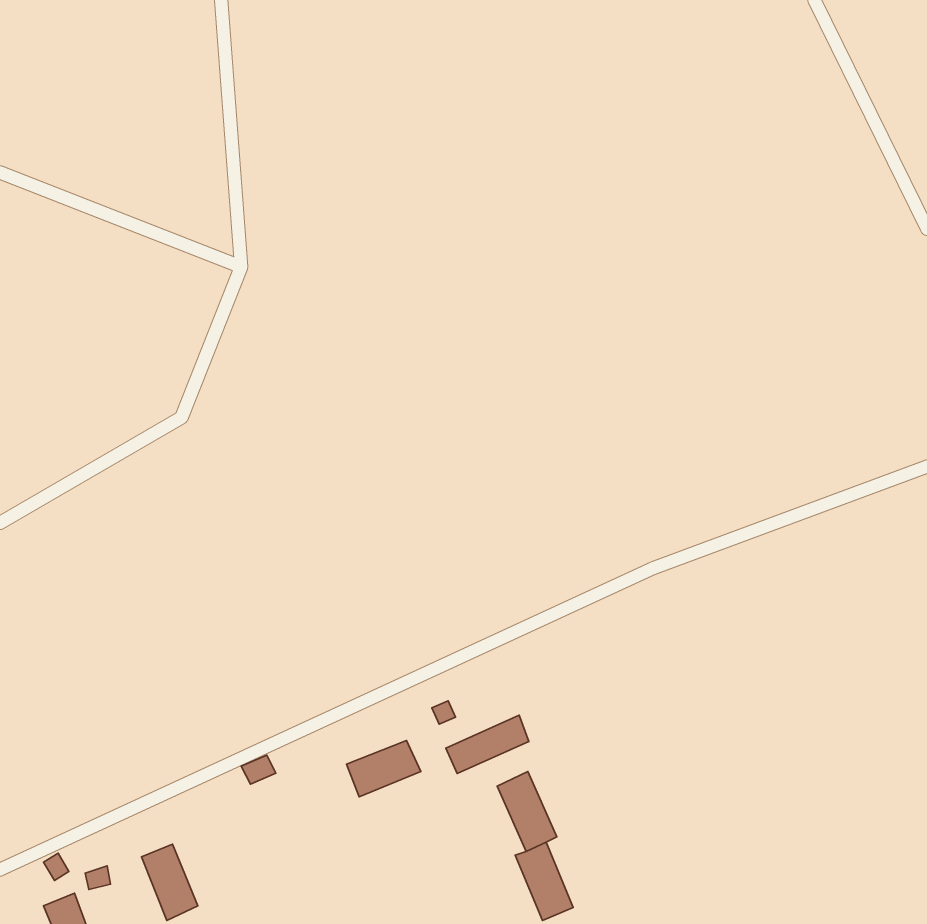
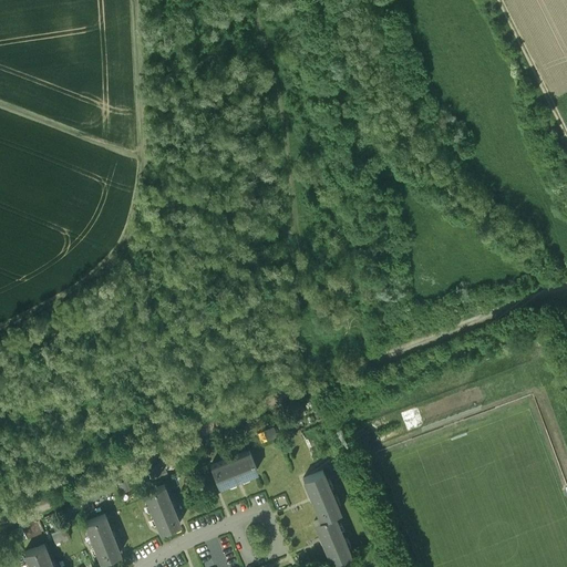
building: [446,715,529,774] -> none
building: none -> [145,487,179,533]

